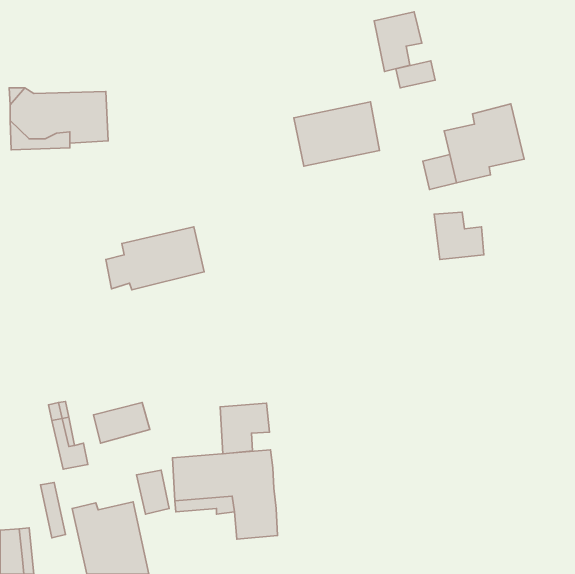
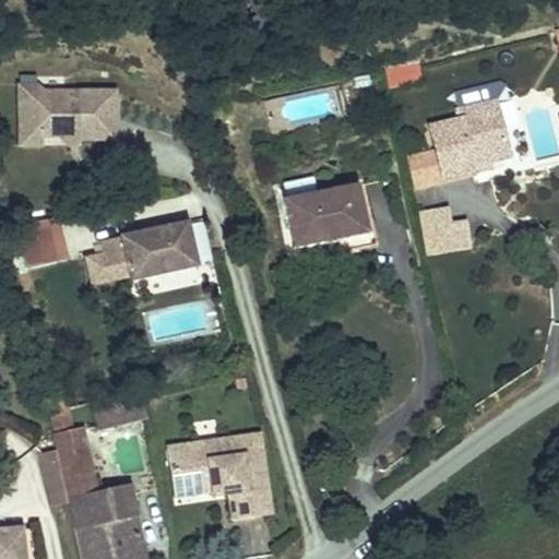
building: [374,12,422,72] -> none
building: [294,102,379,166] -> [287,182,370,245]
building: none -> [21,228,57,267]
building: [220,403,270,454] -> none
building: [136,470,169,514] -> [62,450,94,492]

